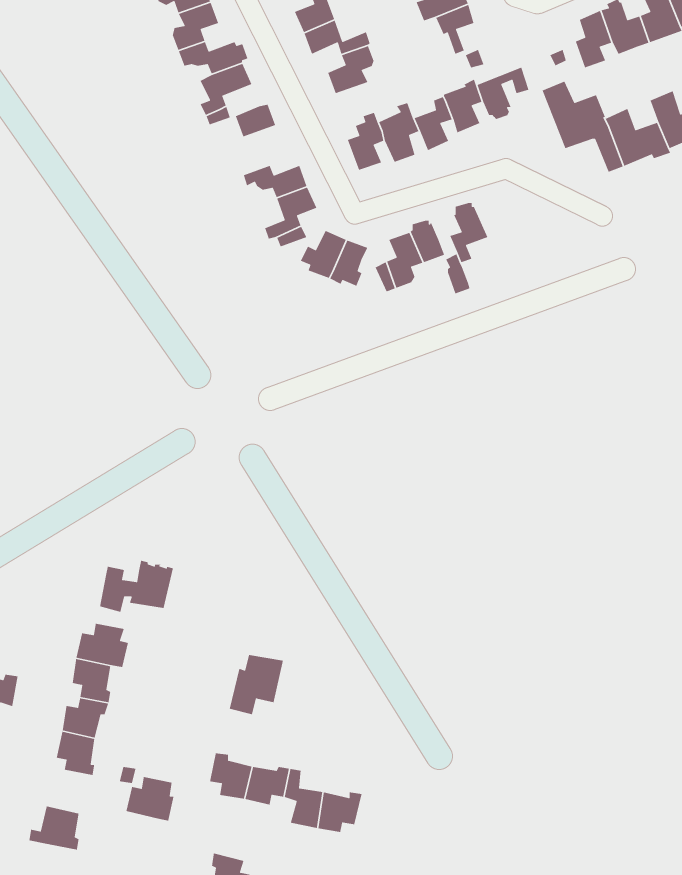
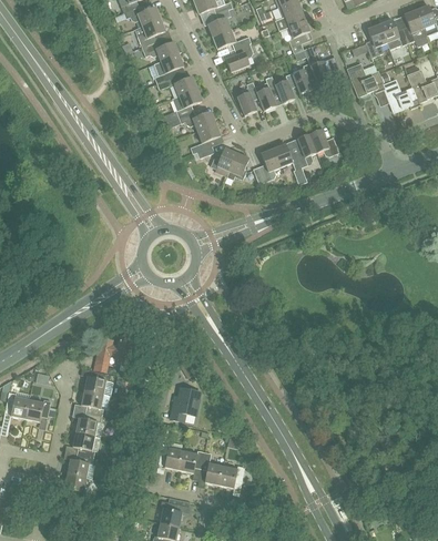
building: none -> [172,89,201,116]
building: none -> [308,129,338,156]
building: [125,776,175,821] -> [67,452,94,478]

